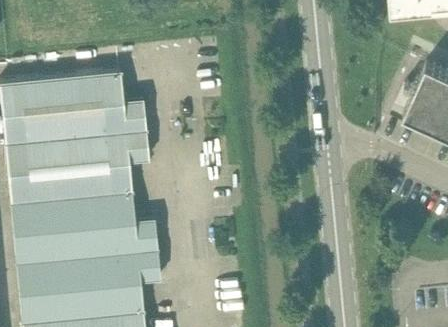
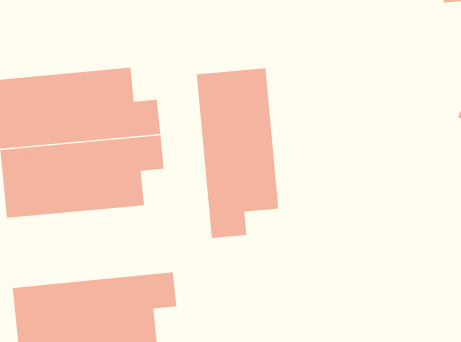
building: none -> [196,68,279,239]
building: [11,194,157,265] -> none

